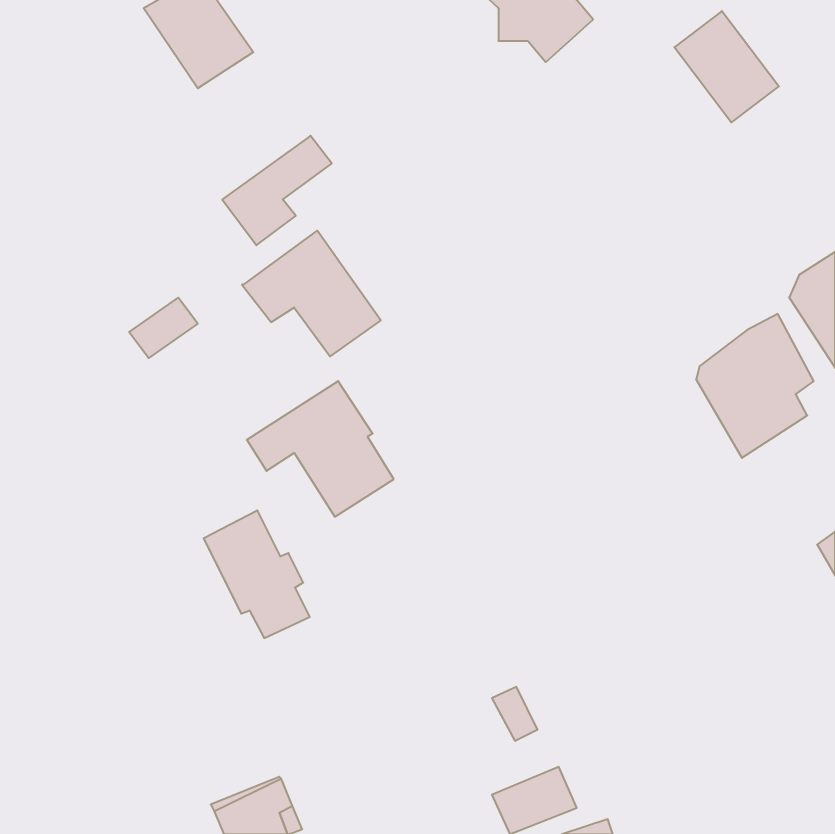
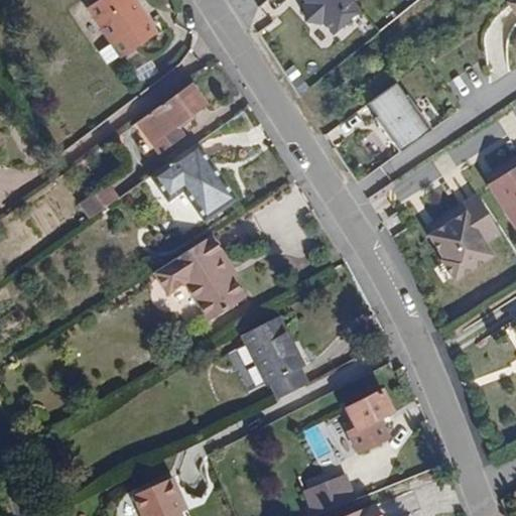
building: [674,11,779,122] -> [368,83,432,151]
building: [204,511,310,638] -> [242,318,307,397]
building: none -> [346,391,392,452]

